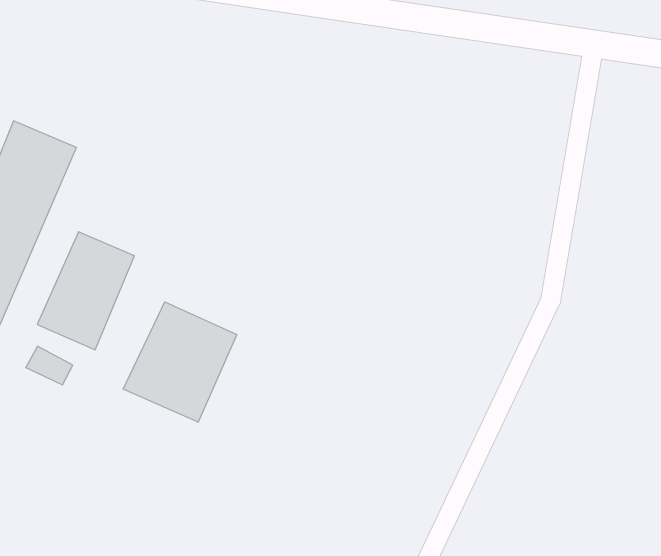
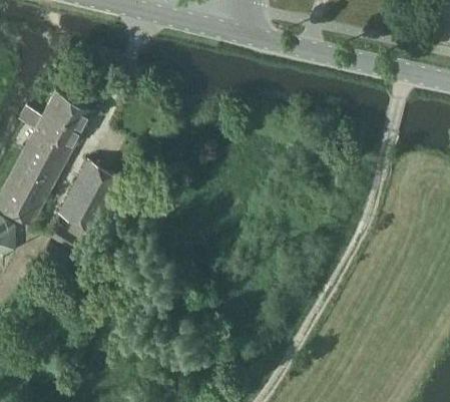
building: [123,302,237,422] -> none

